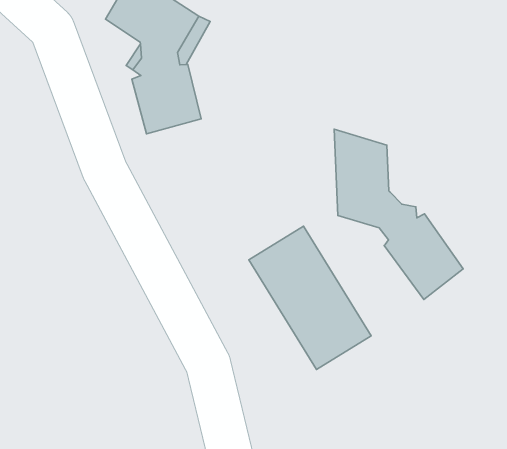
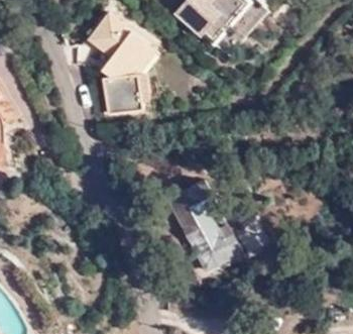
building: [334,129,463,299] -> none

